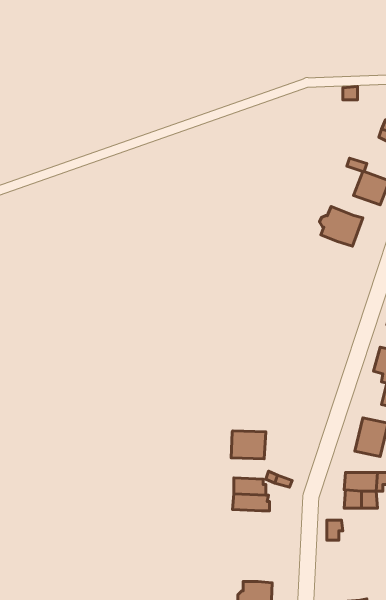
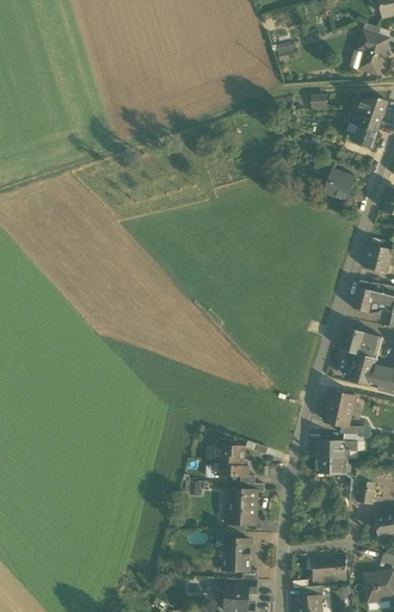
building: [320,206,363,246] -> none
building: [231,431,266,459] -> none
building: none -> [227,489,257,524]

